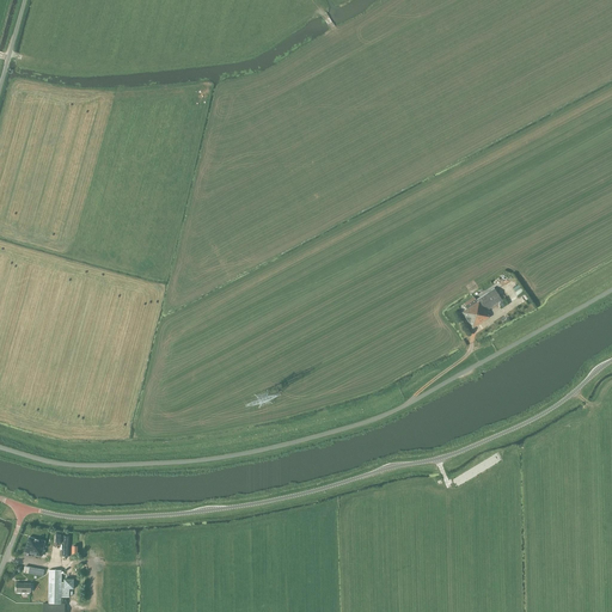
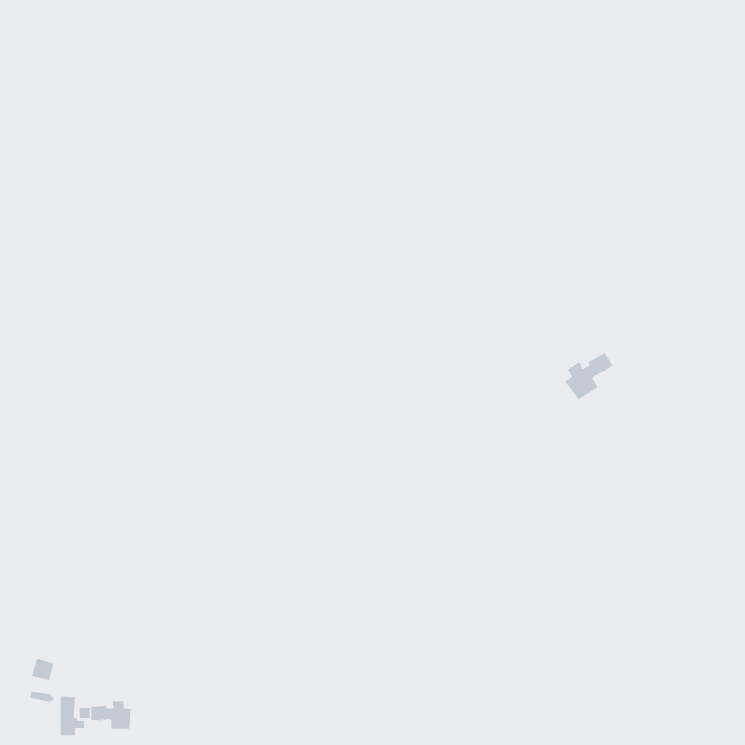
building: none -> [91,700,131,729]

